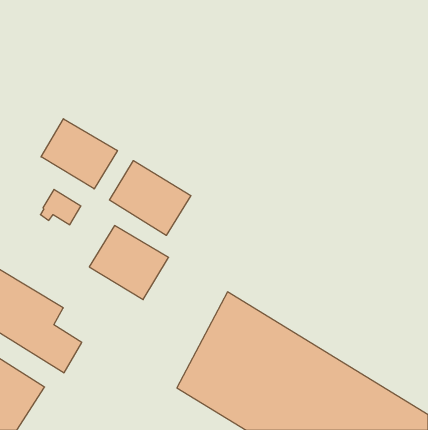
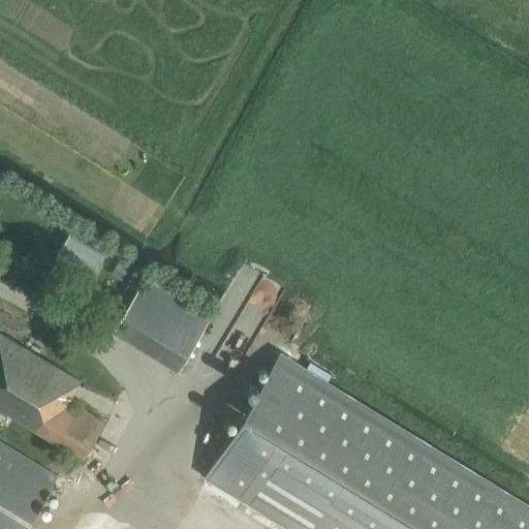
building: [41,119,117,189] -> none
building: [109,161,191,235] -> none

